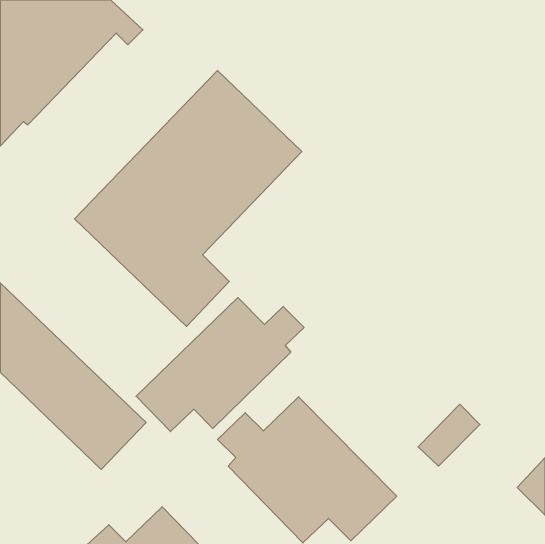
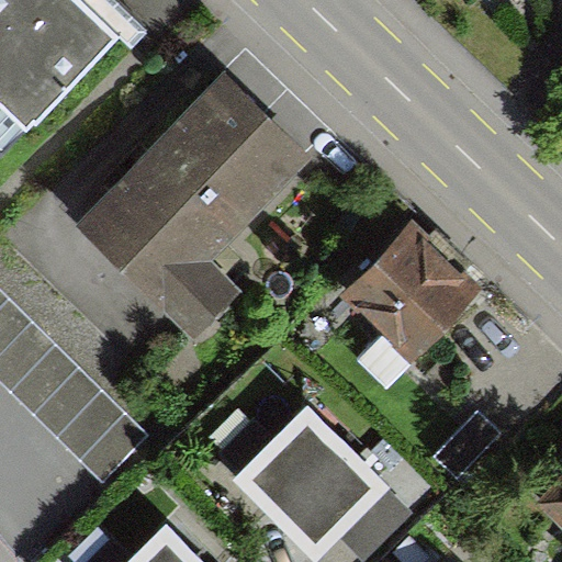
building: none -> [339,222,484,366]
building: [136,298,304,432] -> none

